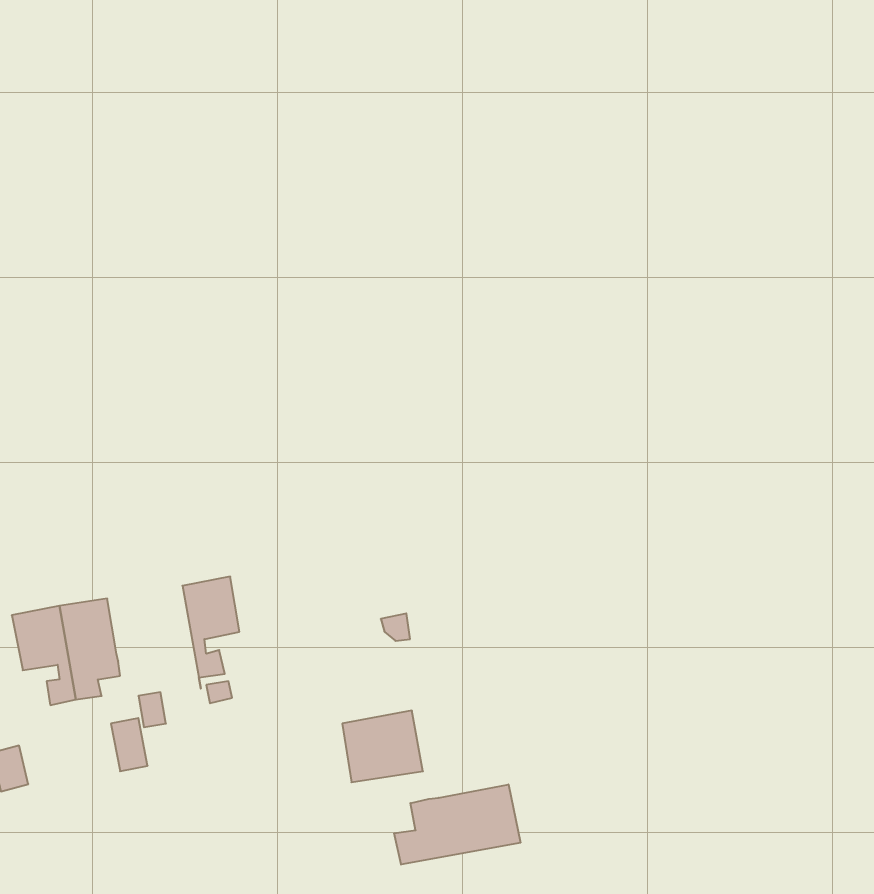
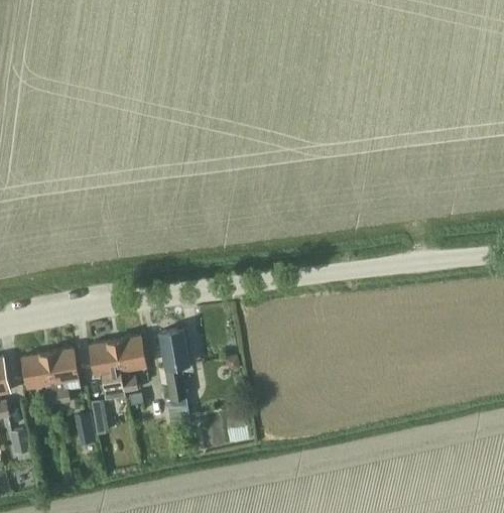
building: none -> [157,329,190,427]
building: none -> [88,341,124,400]
building: [394,784,520,865] -> none

